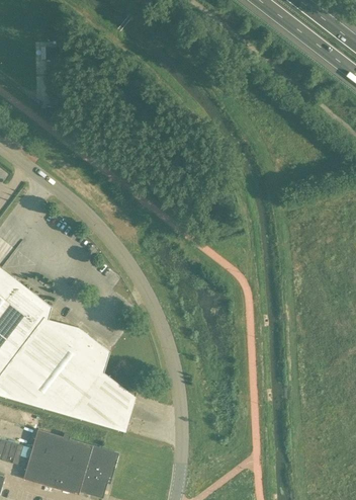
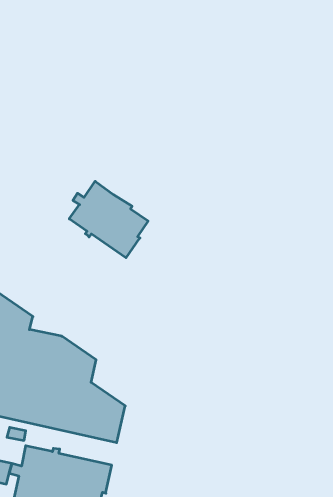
building: none -> [69,181,148,258]

